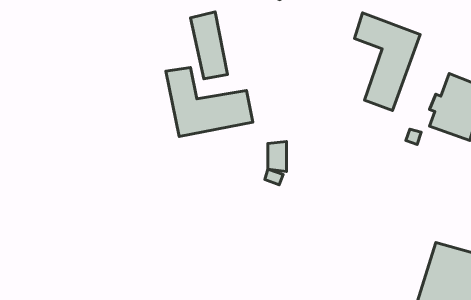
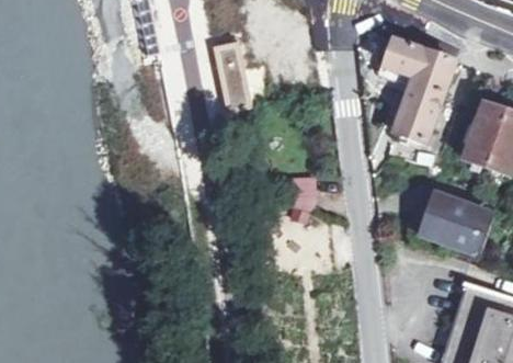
building: [166,67,253,137] -> none
building: none -> [423,195,493,252]

